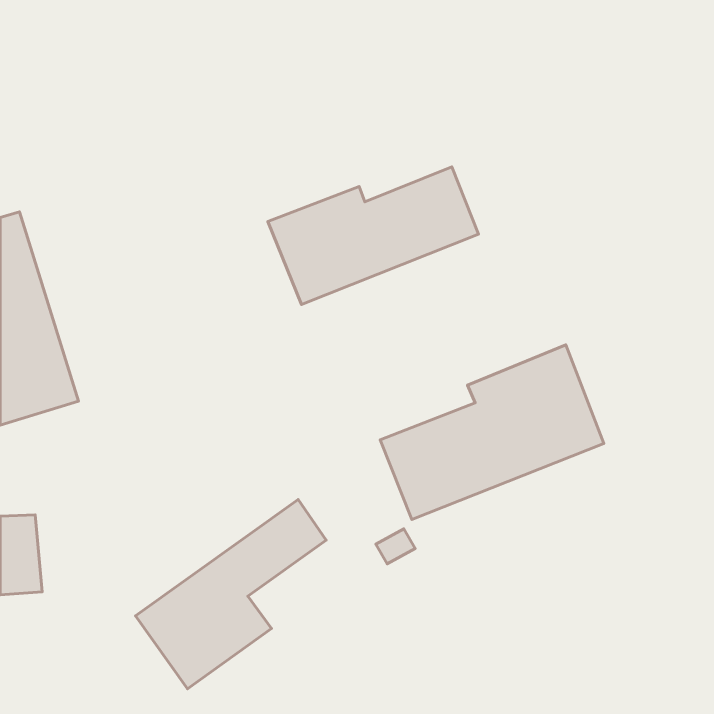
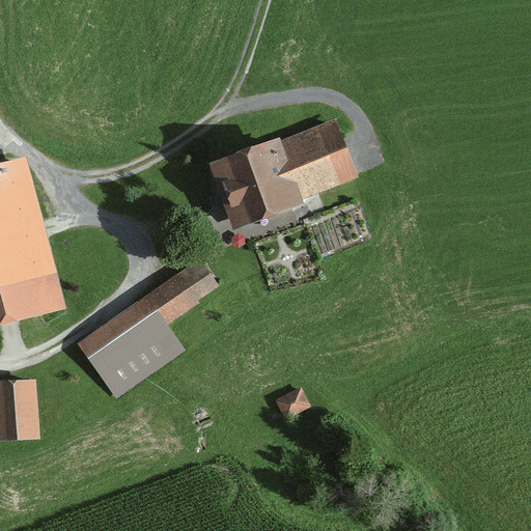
building: [380,345,604,520] -> none
building: [136,499,326,689] -> [79,258,220,398]

